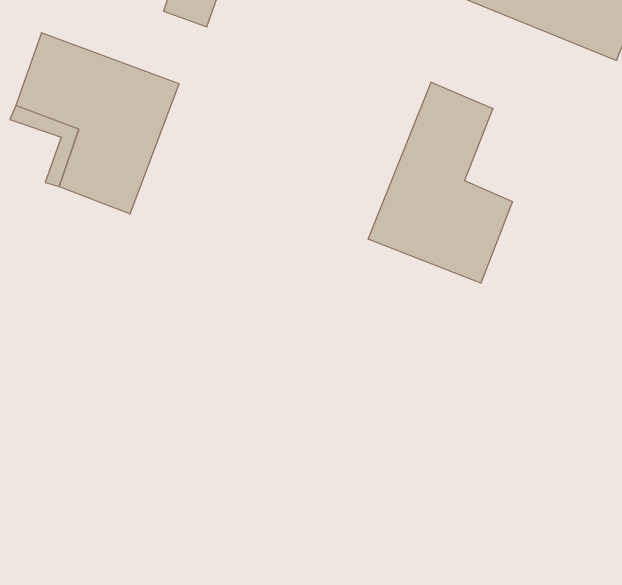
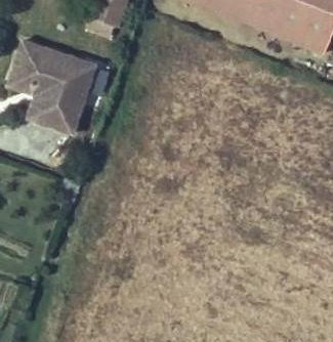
building: [368,82,513,283] -> none

